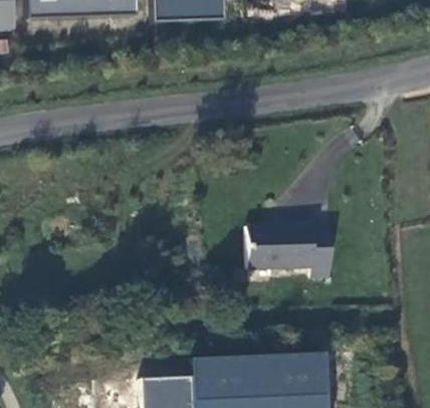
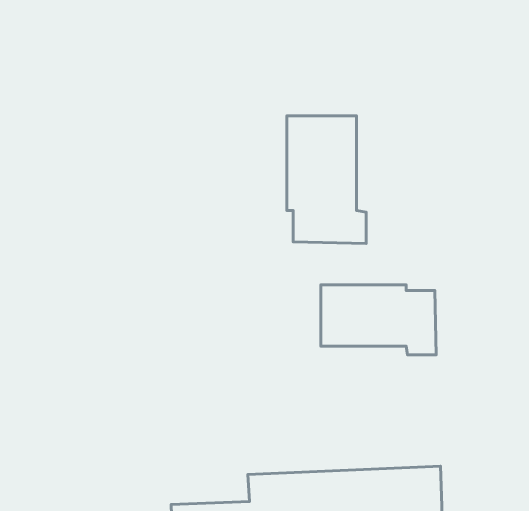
building: none -> [287,116,366,244]

